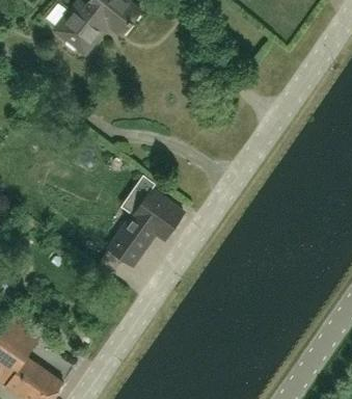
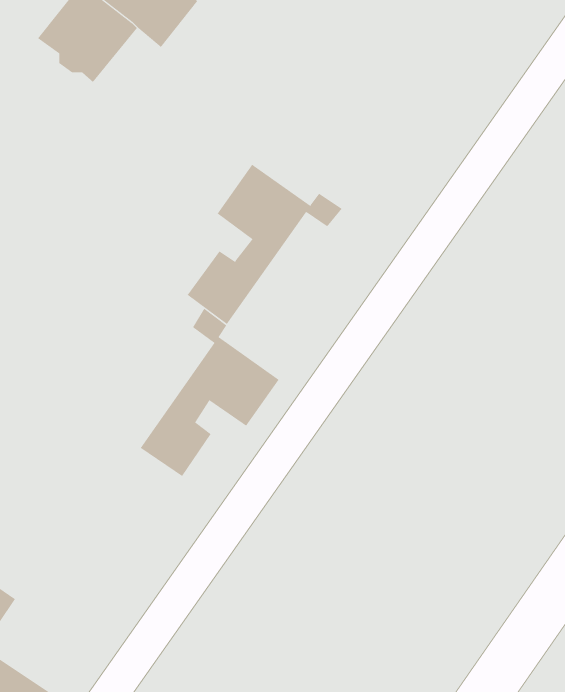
building: none -> [187,164,343,325]

